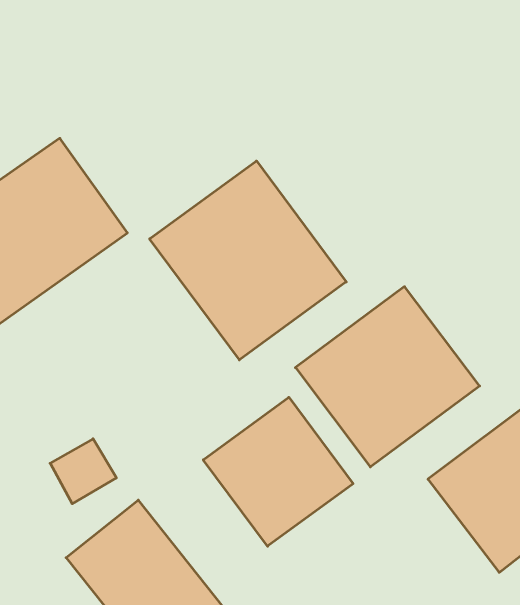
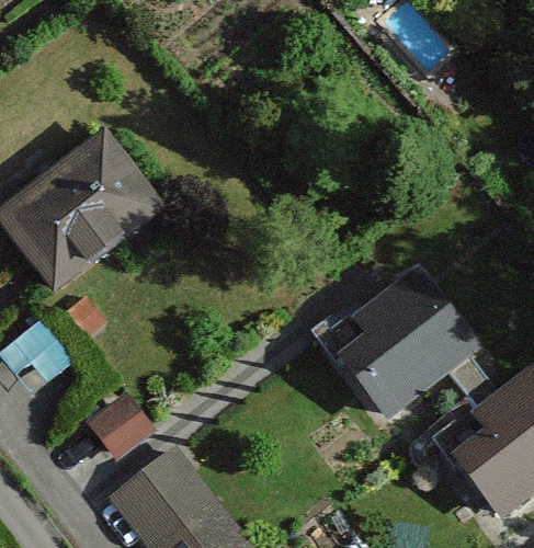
building: [150,161,346,360] -> none
building: [203,397,353,546] -> none

